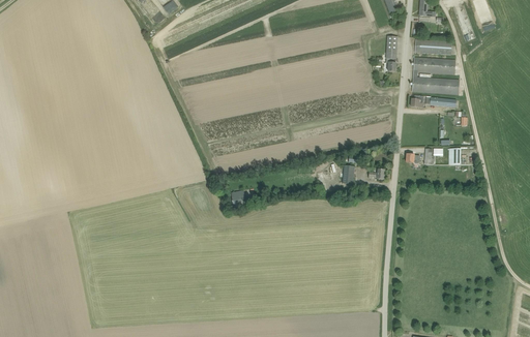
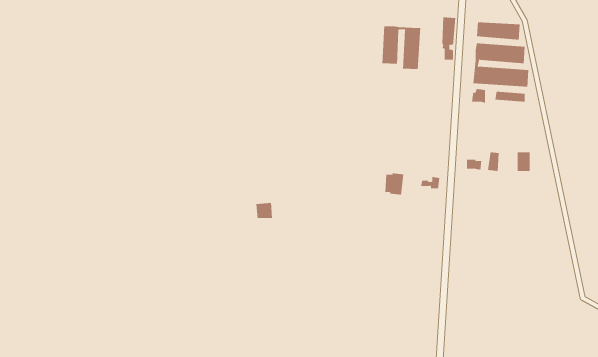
building: none -> [382,25,421,70]

